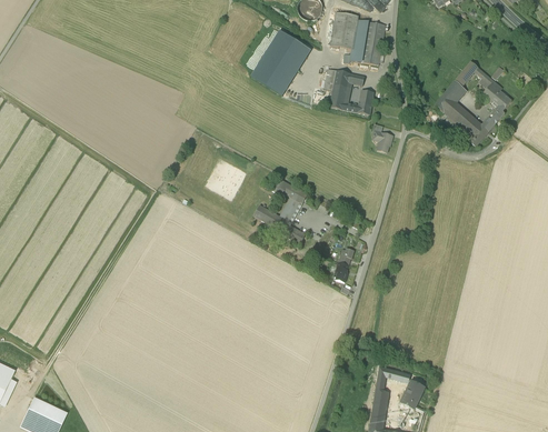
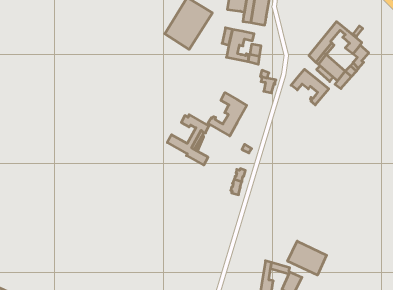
building: none -> [291,69,329,105]
building: none -> [208,93,247,136]
building: none -> [288,241,327,275]

